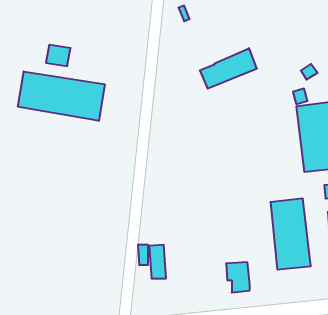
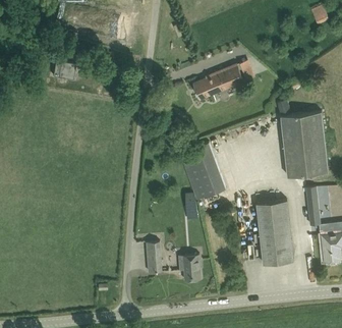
building: [18,71,105,121] -> none
building: none -> [179,144,226,201]
building: [226,262,250,293] -> [179,255,201,282]

